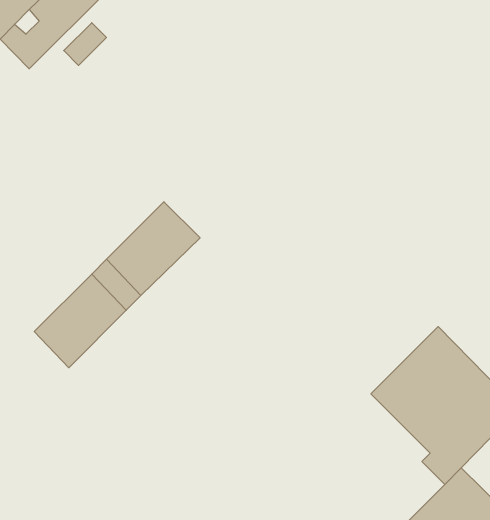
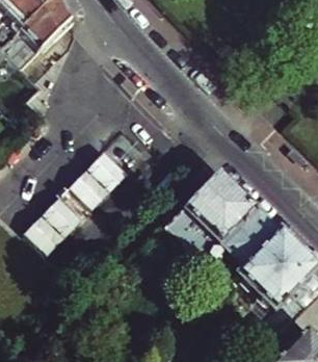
building: none -> [166,169,281,270]

